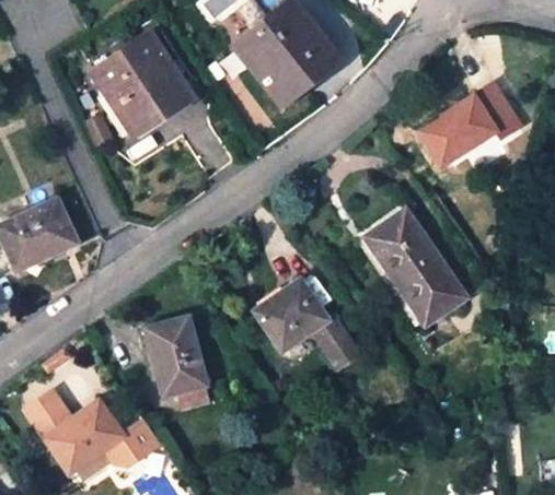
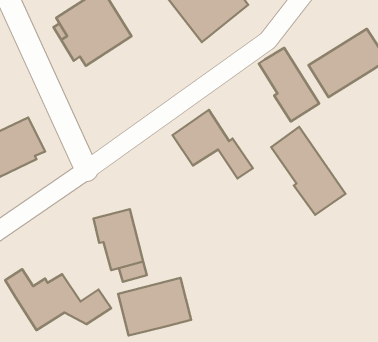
building: none -> [259,48,319,121]
building: [253,278,357,366] -> [172,110,253,178]
building: none -> [118,278,191,335]

